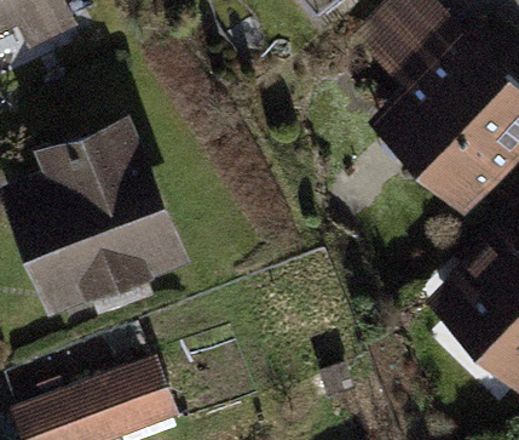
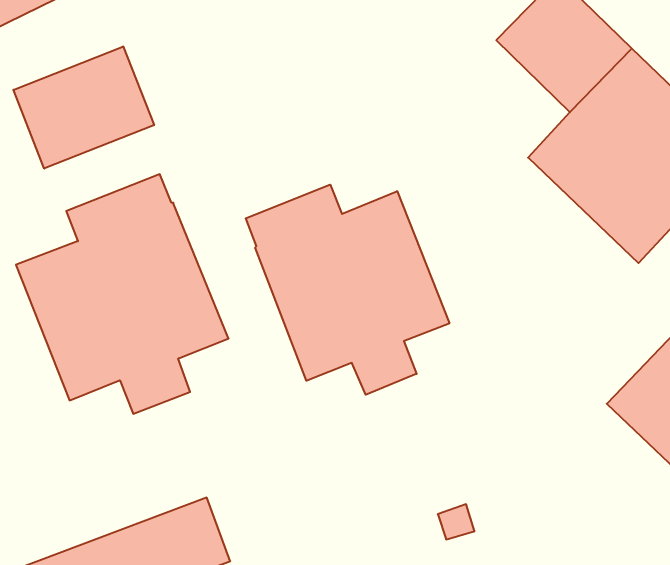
building: none -> [13,46,154,169]
building: none -> [246,185,449,395]

